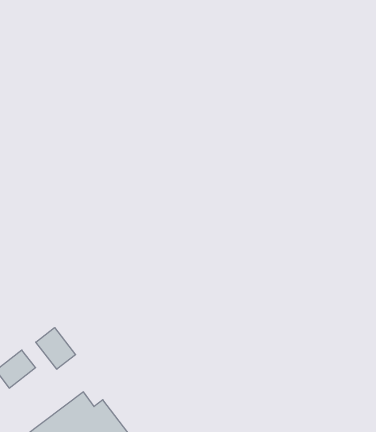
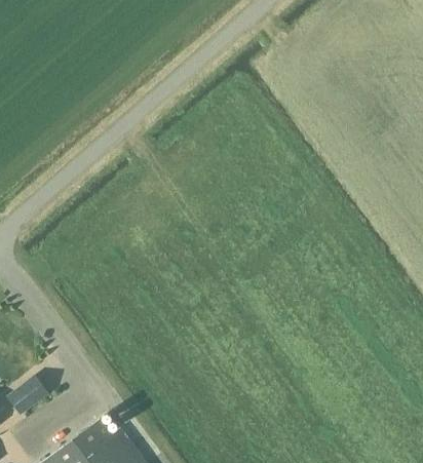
building: [36,328,76,369] -> none

